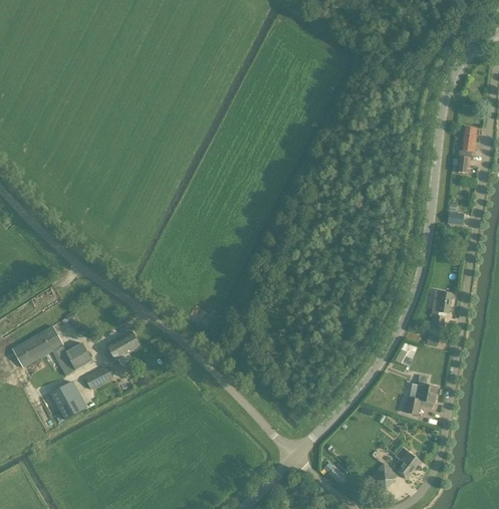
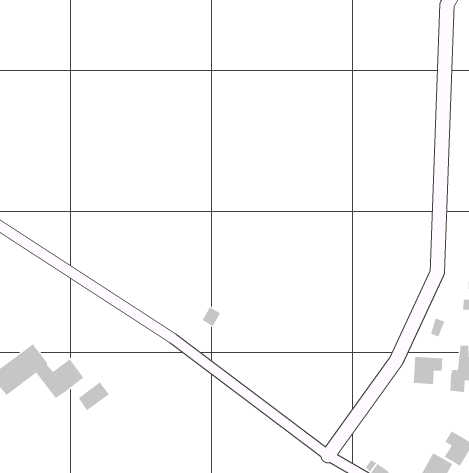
building: [105,330,140,361] -> none
building: none -> [413,356,443,385]
building: [49,379,86,419] -> none

